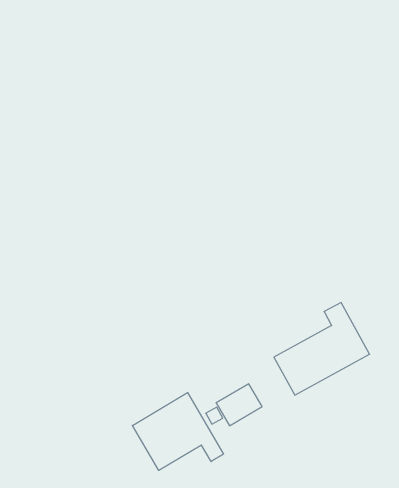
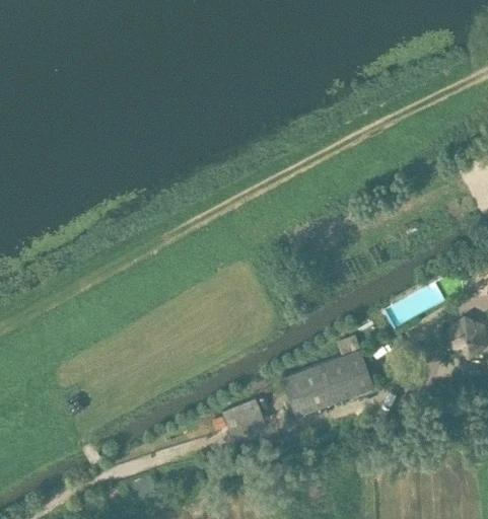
building: [132,393,224,470] -> none

